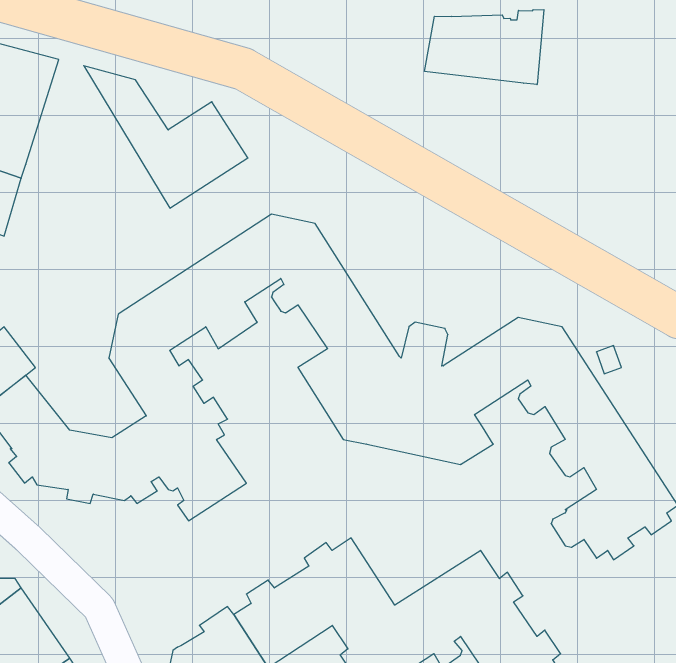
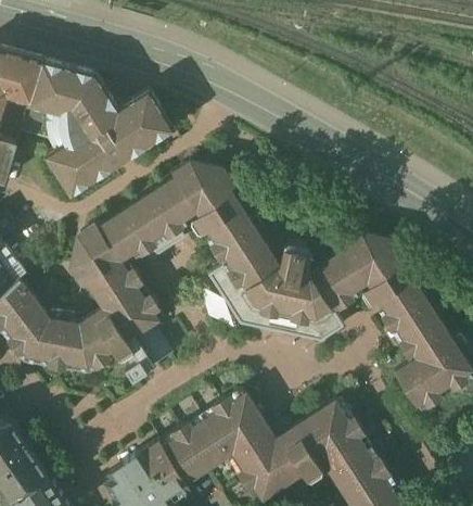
building: [425,10,544,85] -> none
building: none -> [18,60,118,193]

